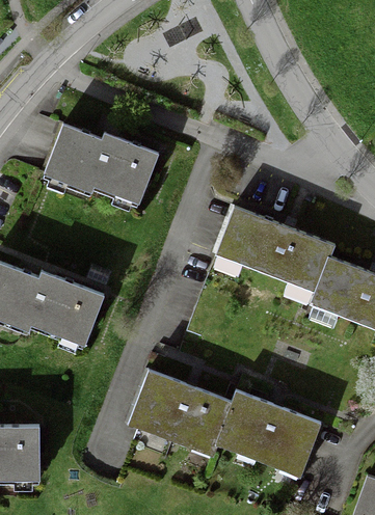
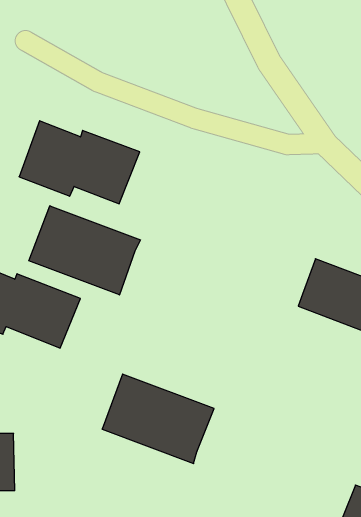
building: [215,207,336,293] -> none
building: none -> [29,206,140,295]
building: [216,391,322,478] -> none

